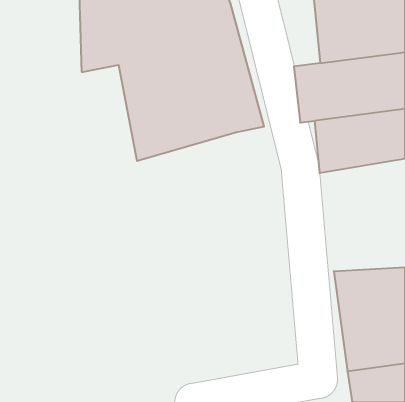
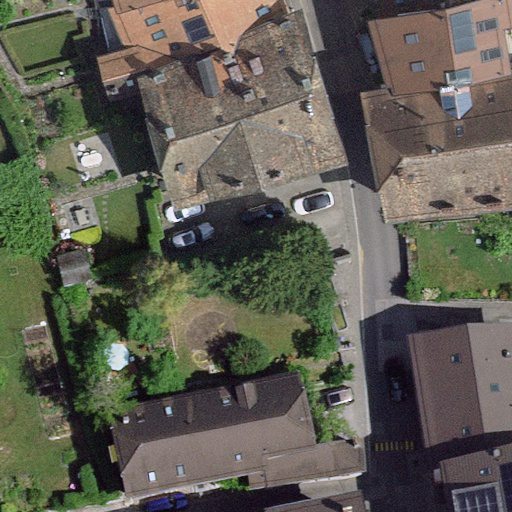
building: none -> [113,368,339,494]

